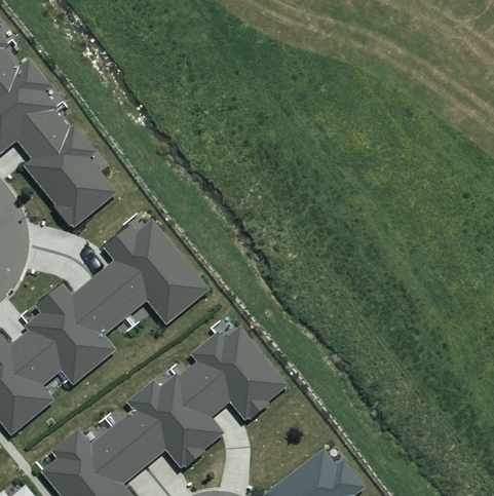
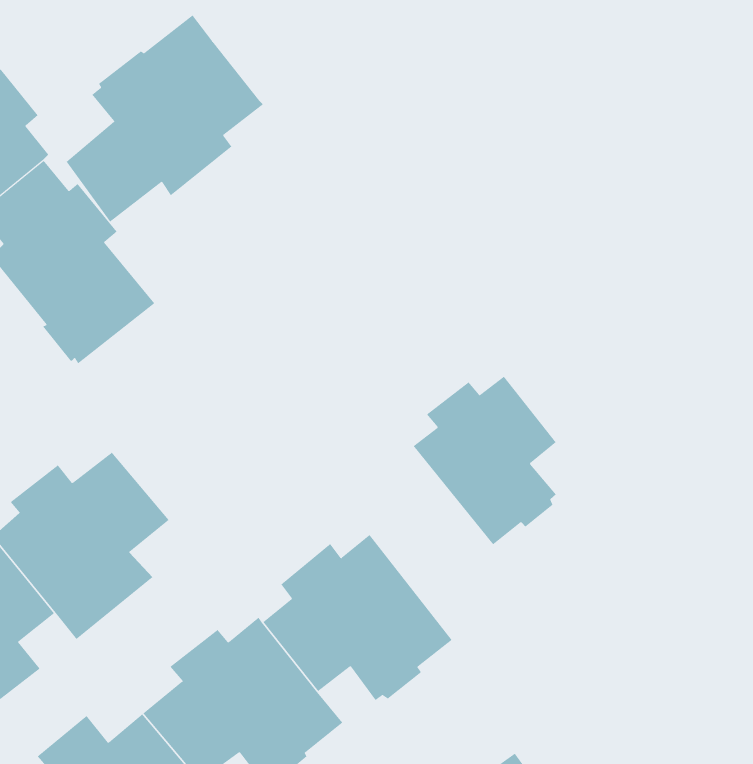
building: none -> [66,14,264,223]
building: [92,220,208,326] -> none
building: none -> [413,376,557,545]

